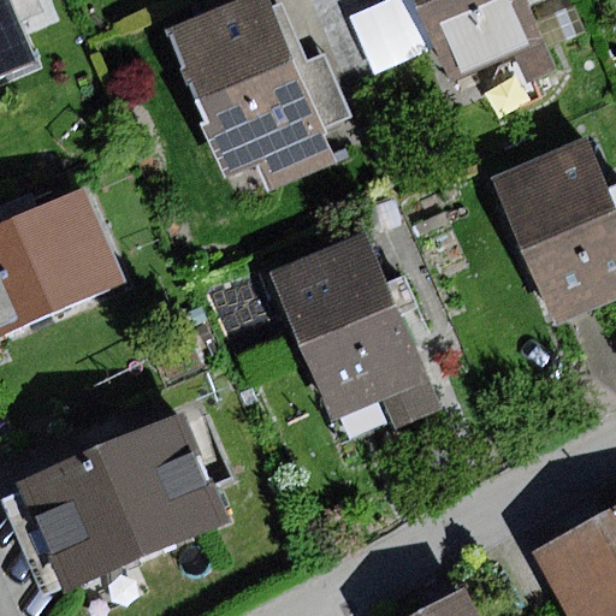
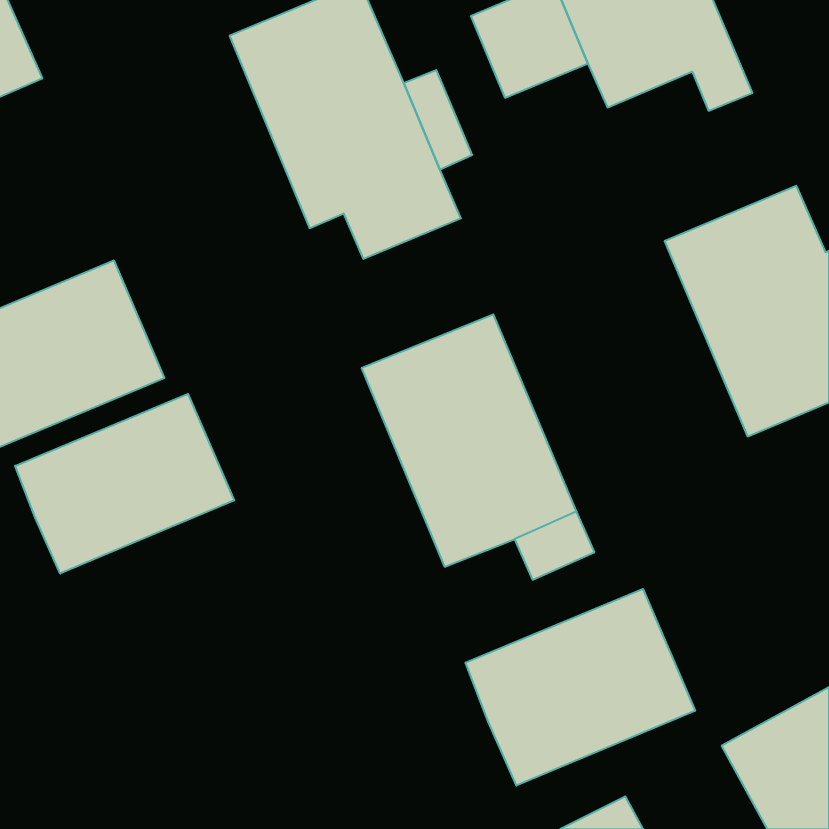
building: none -> [15,394,234,574]
building: [16,413,229,592] -> none
building: none -> [465,589,695,786]

